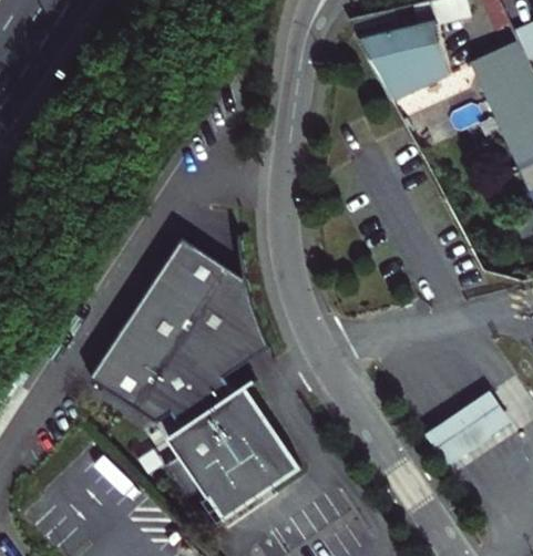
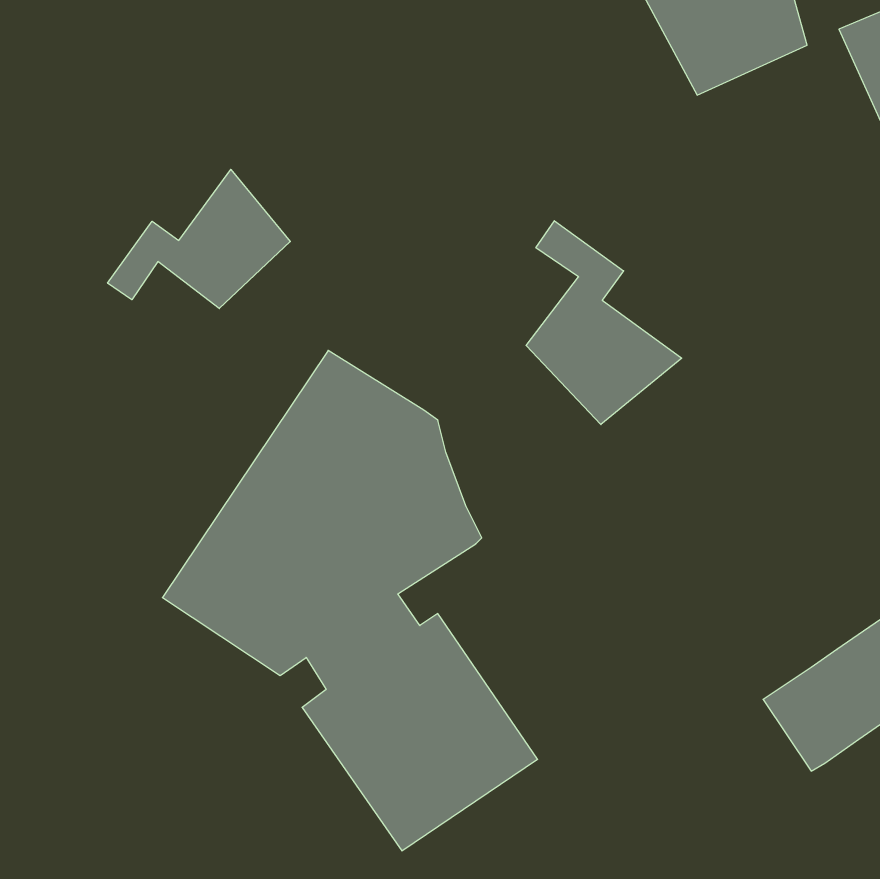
building: none -> [108,169,290,309]
building: none -> [526,221,682,425]

